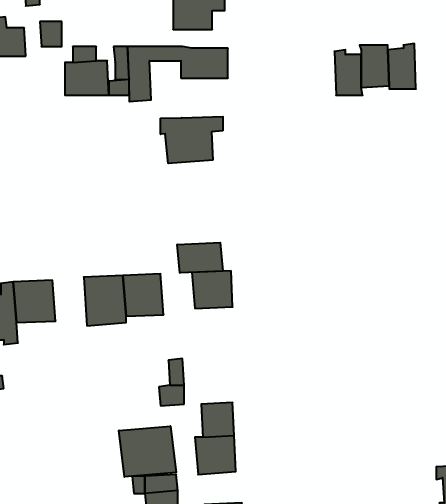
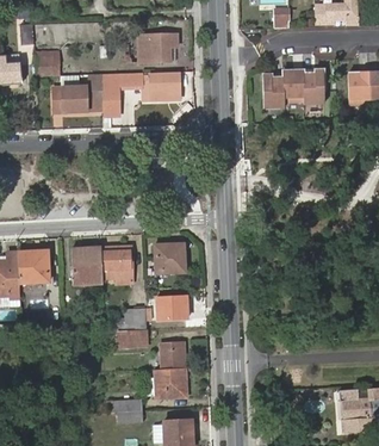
building: [161,117,223,163] -> none
building: [177,243,223,273] -> none
building: none -> [156,295,186,320]
building: [119,426,176,477] -> none

